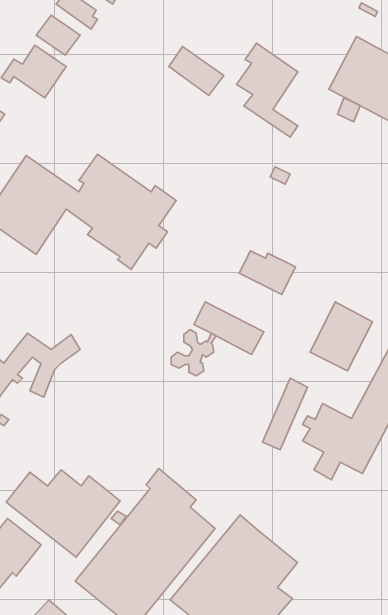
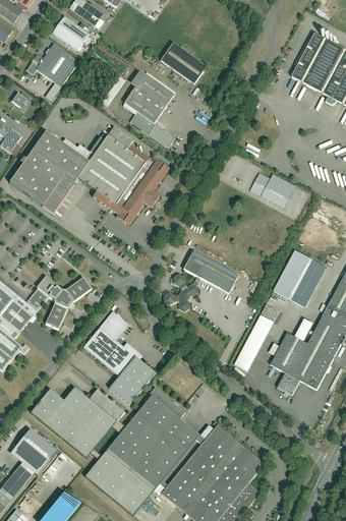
building: [236,43,298,137] -> [125,70,175,147]
building: [239,251,295,294] -> [249,172,295,208]
building: none -> [82,311,155,405]

